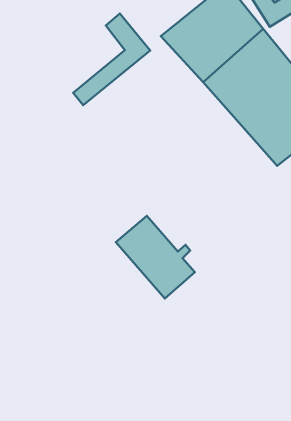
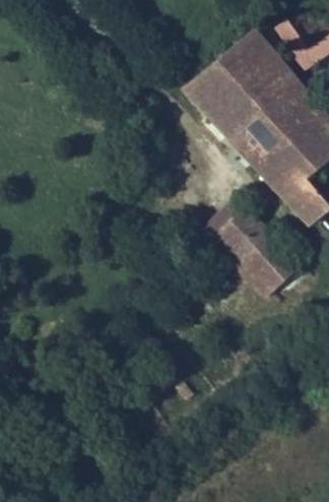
building: [73,14,150,105] -> none
building: [116,216,195,299] -> [209,208,294,298]

